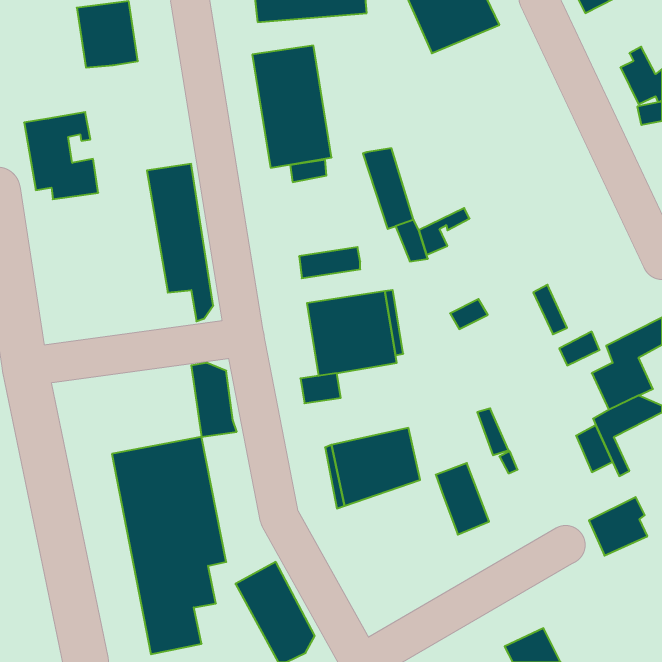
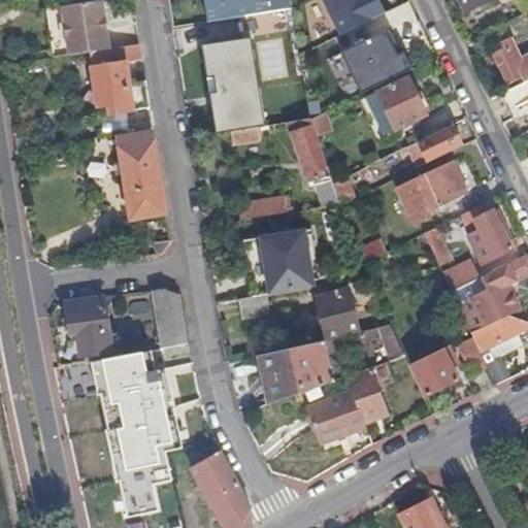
building: none -> [342,28,412,91]
building: none -> [376,76,425,129]
building: [24,112,98,199] -> [90,43,148,112]
building: none -> [408,125,462,167]
building: none -> [395,160,467,223]
building: none -> [461,200,512,263]
building: none -> [316,289,358,338]
building: none -> [65,297,118,356]
building: none -> [306,391,364,444]
building: [589,497,647,556] -> [411,349,458,395]

